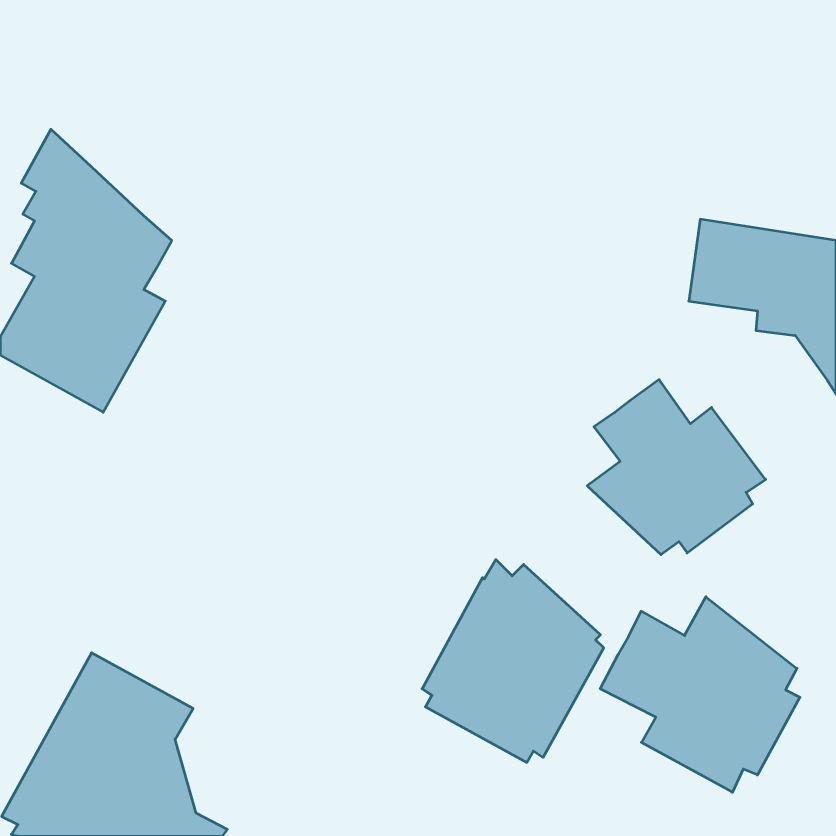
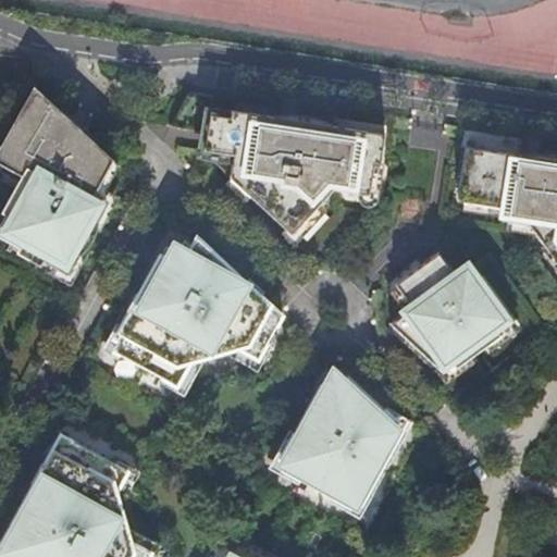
building: none -> [170,92,385,234]
building: none -> [114,236,283,386]
building: [600,597,800,792] -> none

